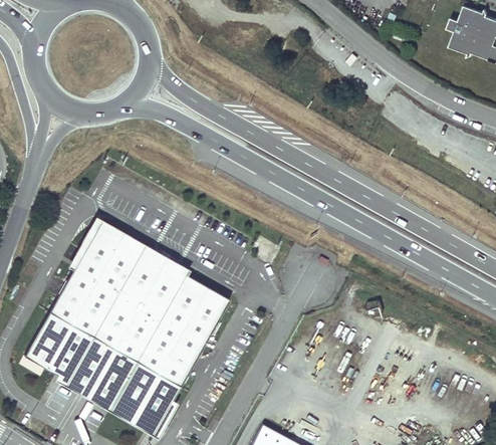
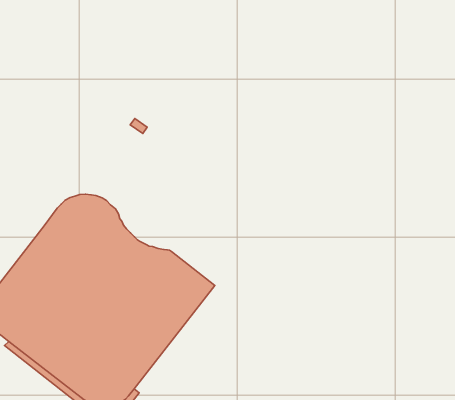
building: [68,218,190,276] -> none

